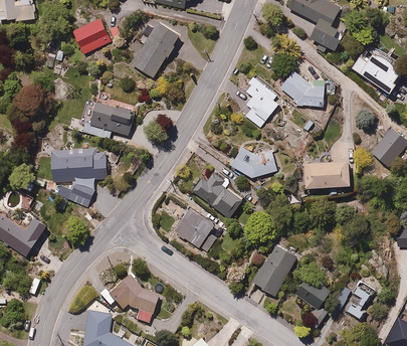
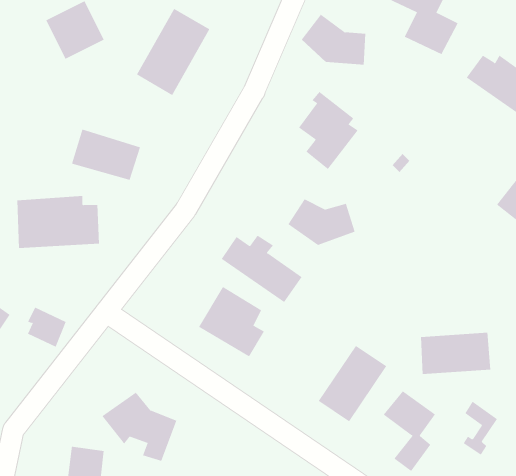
building: [281,71,325,106] -> [301,14,366,65]
building: [302,159,350,187] -> [420,332,491,374]
building: [68,179,94,206] -> [27,307,67,348]

